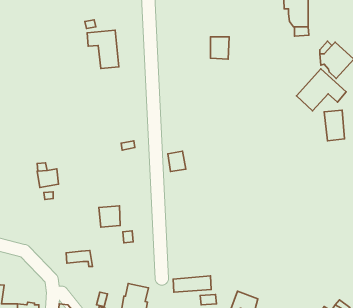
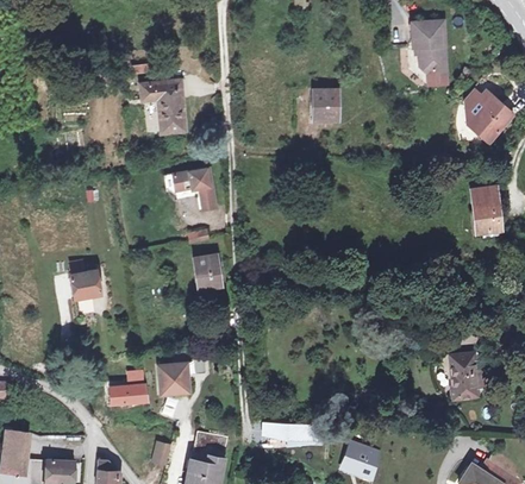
building: [296,69,346,111] -> none
building: none -> [173,169,217,212]
building: [168,151,186,172] -> [195,254,220,283]
building: [99,206,120,227] -> [157,363,187,392]
building: none -> [450,353,477,400]

